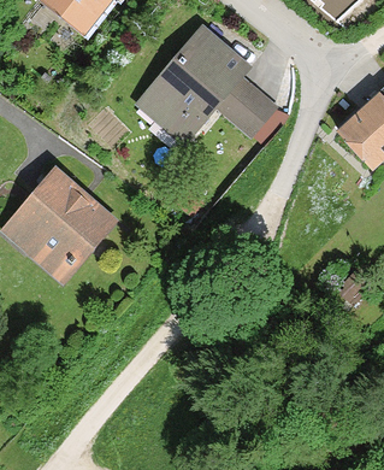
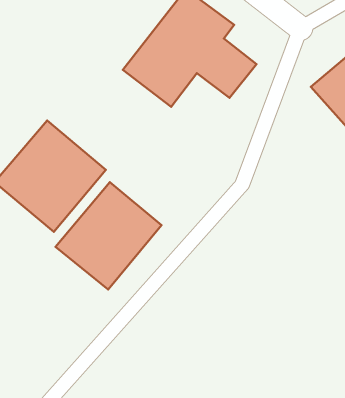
building: none -> [55,182,161,290]

